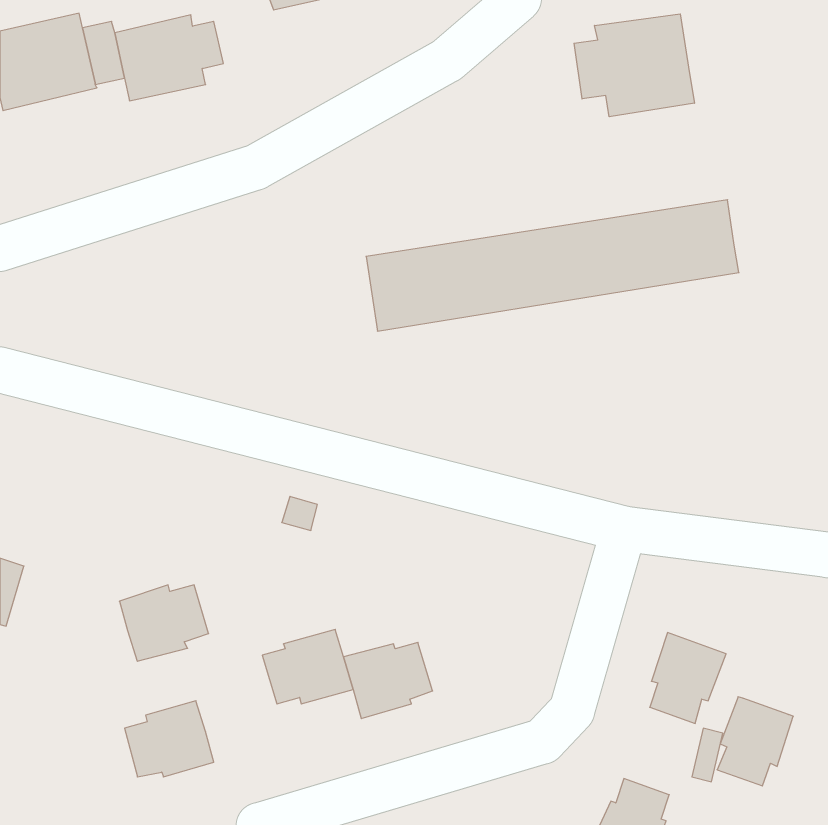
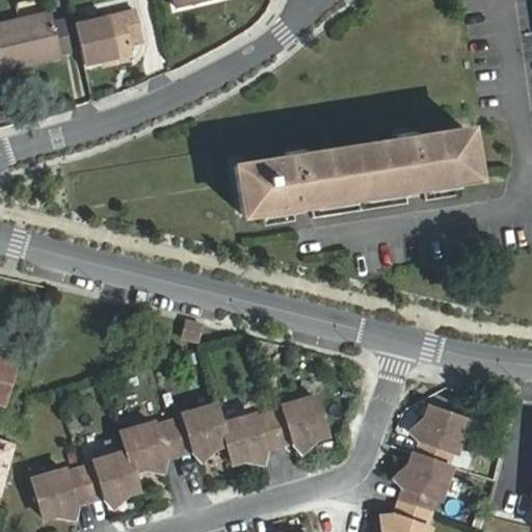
building: [574,14,694,117] -> none
building: [119,585,209,661] -> [121,422,178,471]
building: none -> [268,397,325,445]
building: [717,697,793,786] -> [400,454,449,511]
building: none -> [32,469,88,517]

